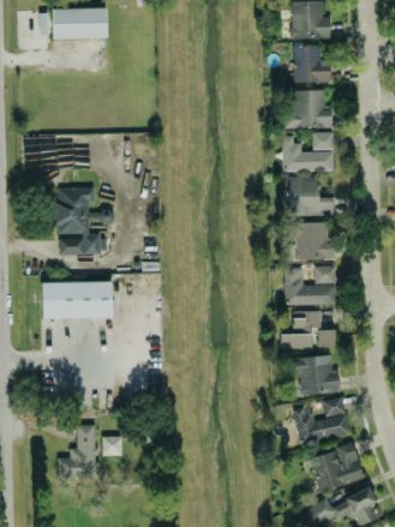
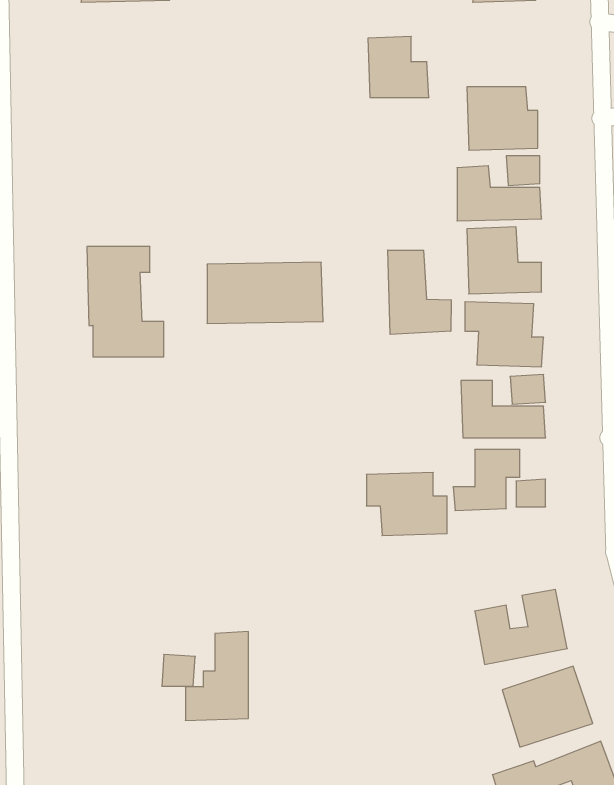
building: [294,44,331,82] -> [368,36,429,97]
building: none -> [388,250,451,334]
building: [42,281,113,318] -> [207,262,323,323]
building: [291,355,340,394] -> [366,472,447,536]
building: [59,424,97,478] -> [185,632,248,720]

